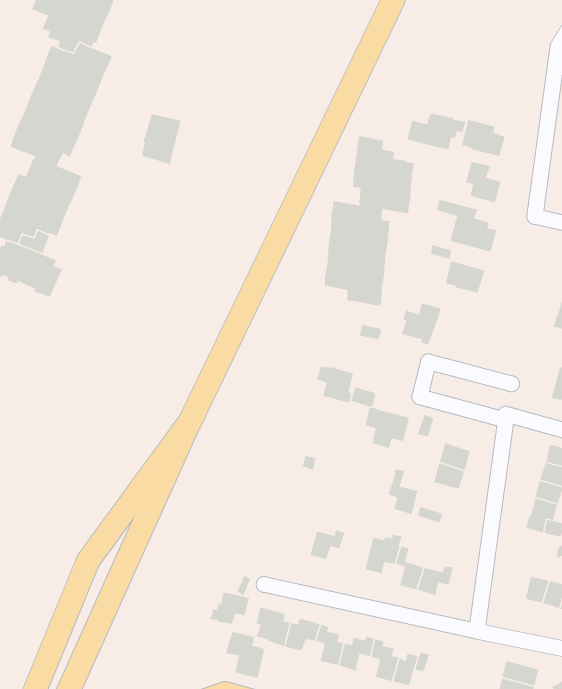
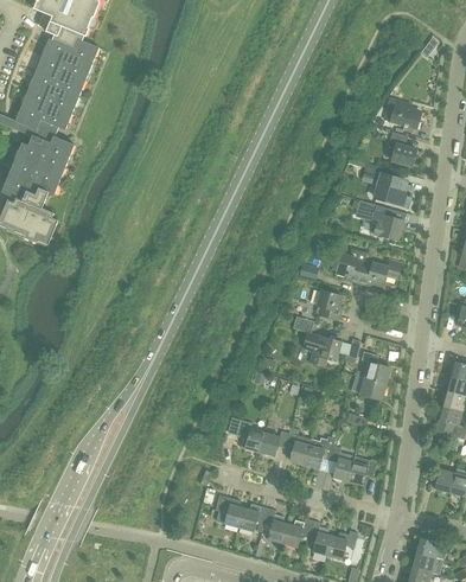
building: [406,113,467,150] -> none
building: [141,113,182,165] -> none
building: [324,135,415,306] -> none
building: none -> [356,258,401,286]
building: [316,366,354,404] -> [309,289,340,320]
building: [388,469,418,515] -> [283,427,308,465]
building: none -> [235,420,264,453]
building: [209,592,250,624] -> none
building: [225,631,265,679] -> none

